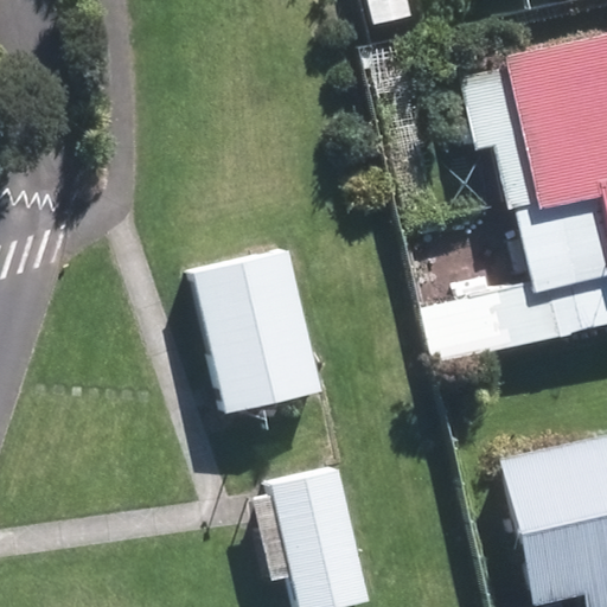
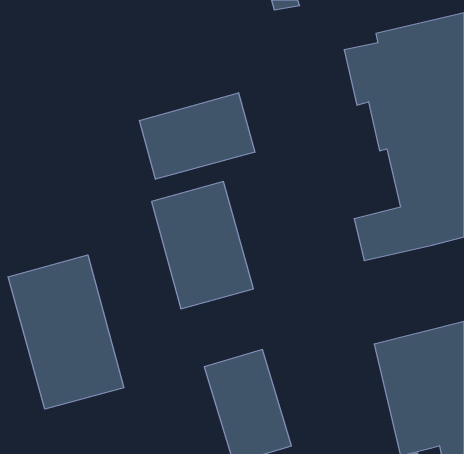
building: none -> [139,93,255,179]
building: none -> [8,255,124,409]

